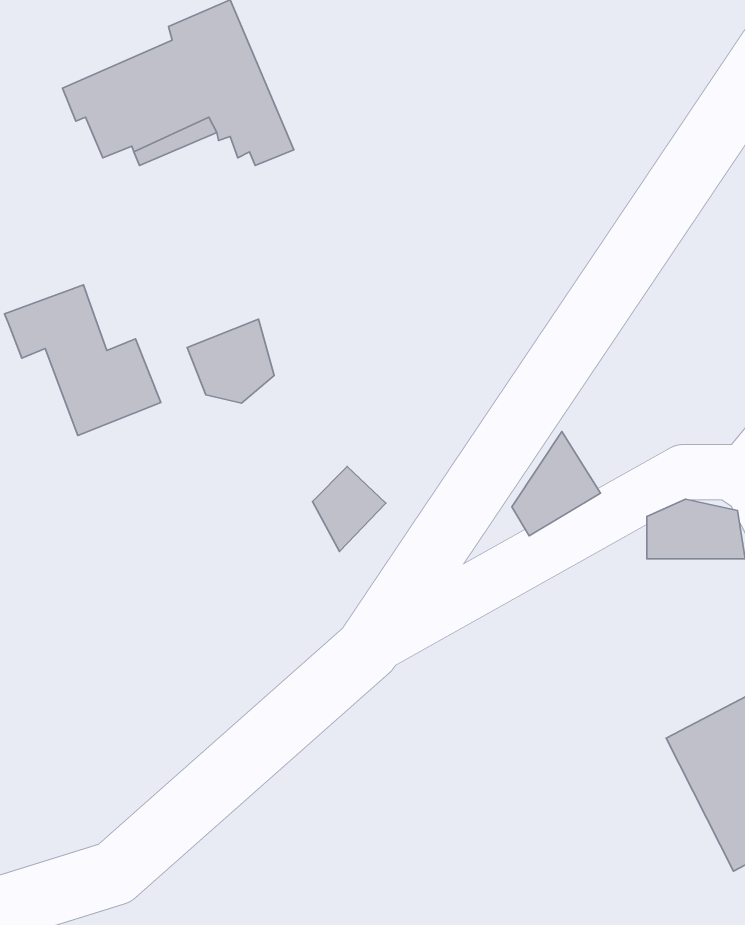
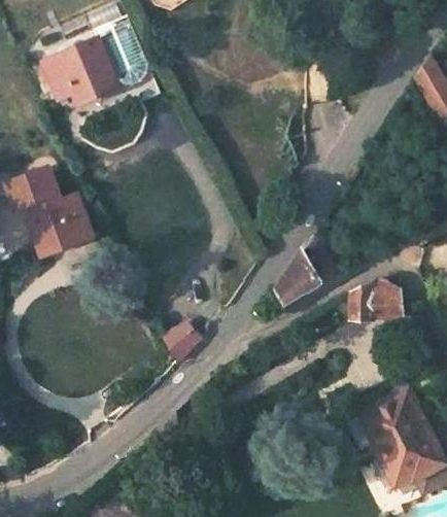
building: [187,319,274,403] -> none
building: [313,467,386,552] -> [162,317,201,363]

